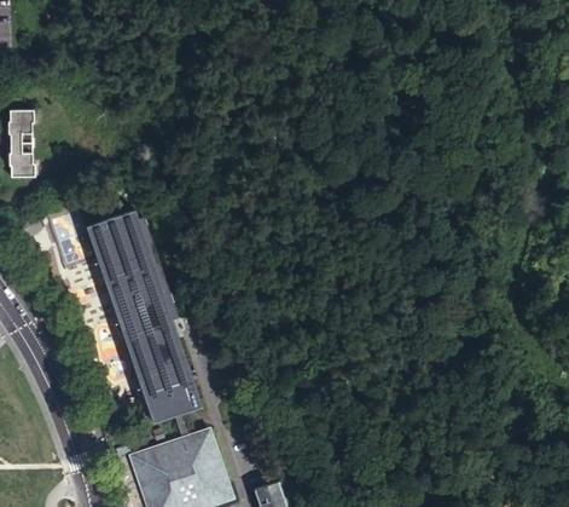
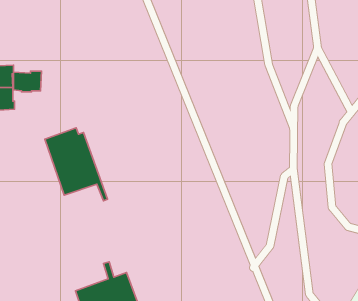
building: none -> [14,71,42,92]
building: [114,295,202,422] -> none

